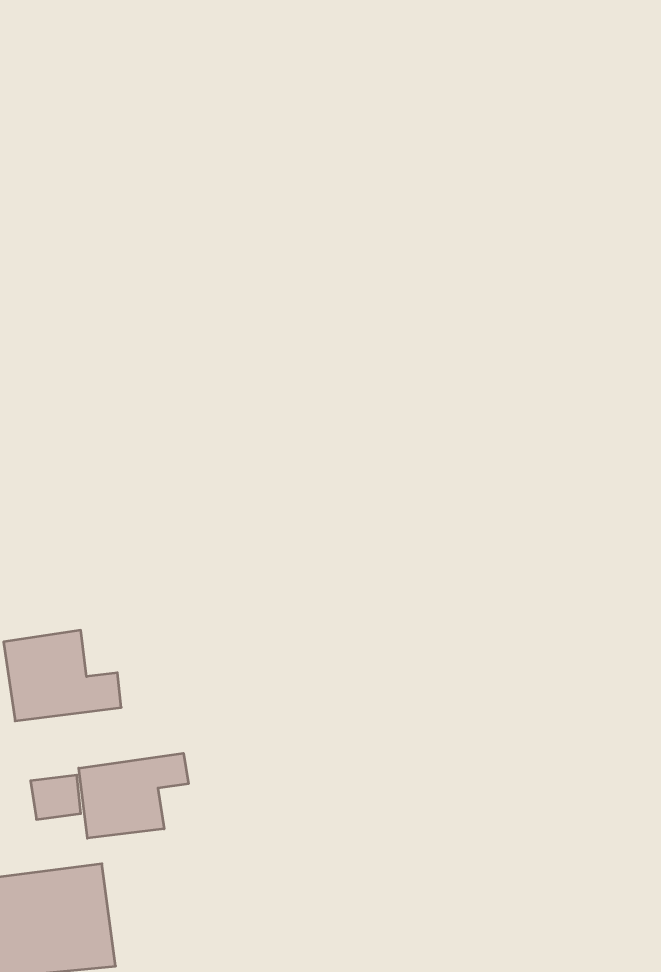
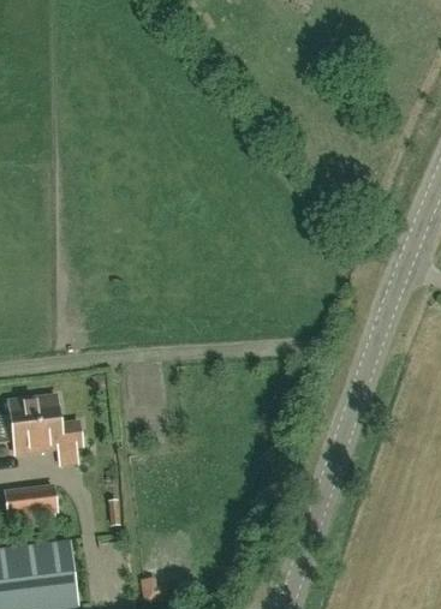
building: [79,753,188,838] -> none

